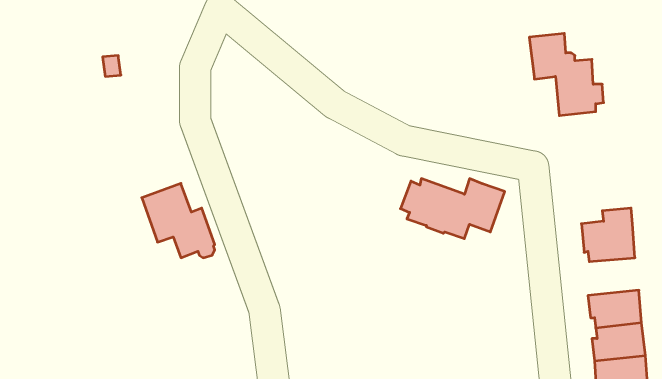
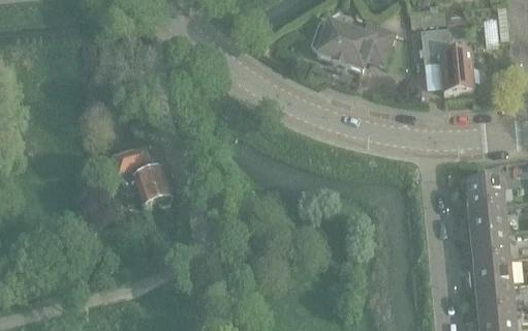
building: [400,179,505,239] -> [312,22,395,69]
building: none -> [465,206,507,236]

